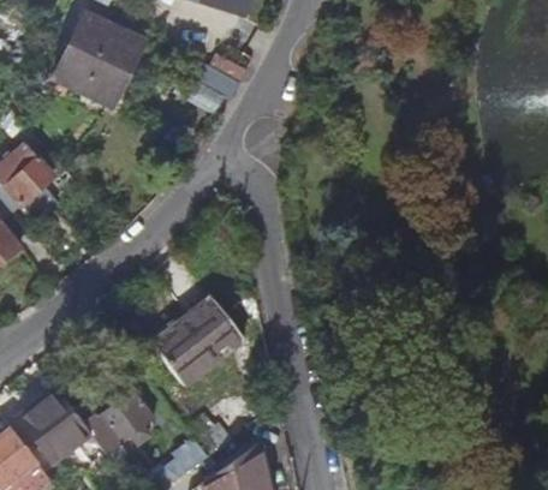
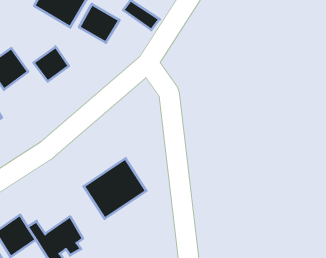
building: none -> [79,4,119,43]
building: none -> [34,47,69,81]

